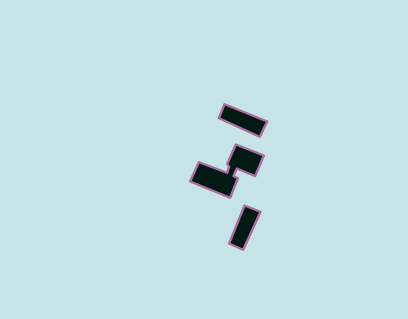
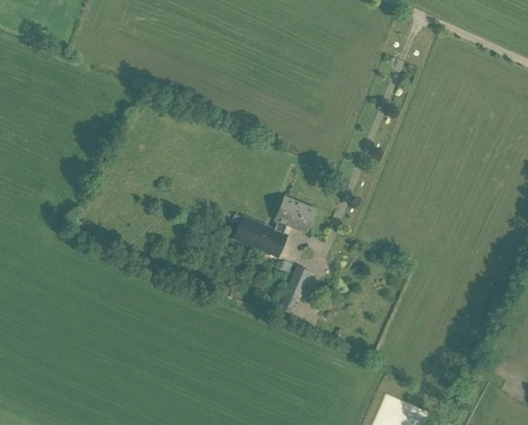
building: [219,104,267,137] -> none

